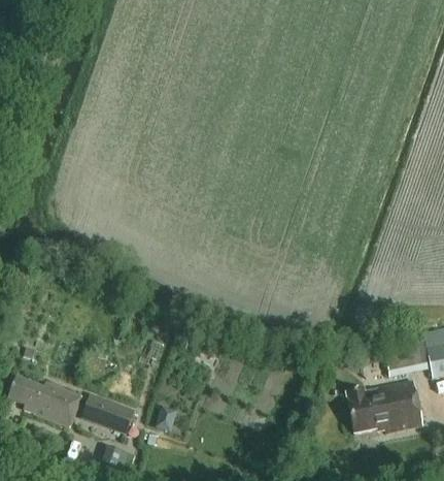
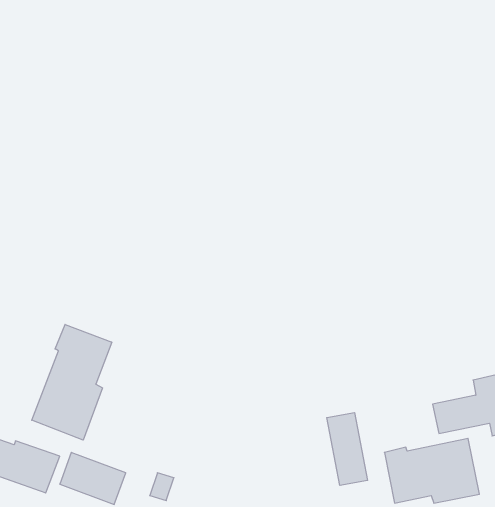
building: none -> [32,324,112,440]
building: none -> [327,413,368,485]

